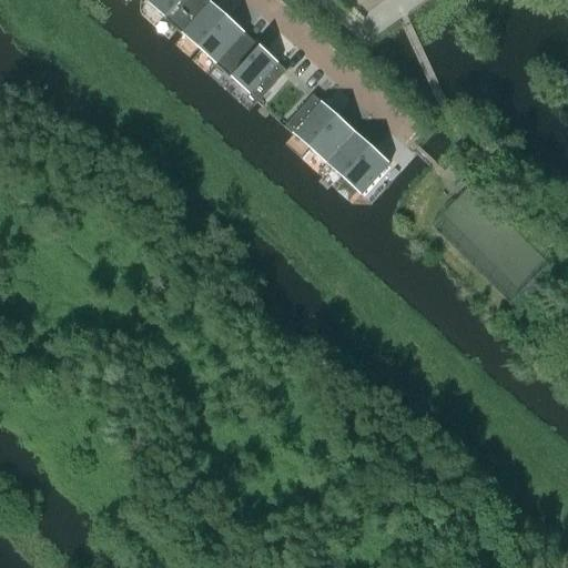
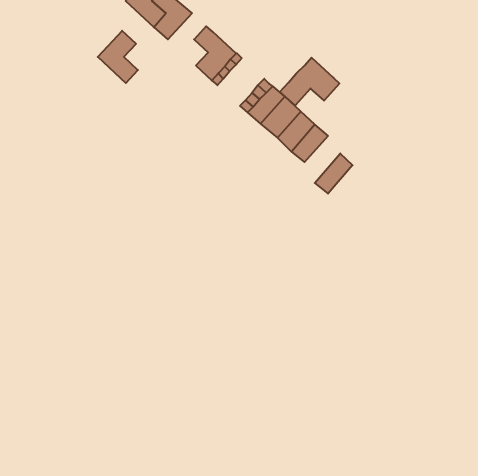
building: [200,16,247,78] -> [98,31,138,83]
building: none -> [280,58,339,106]
building: none -> [315,153,353,194]

